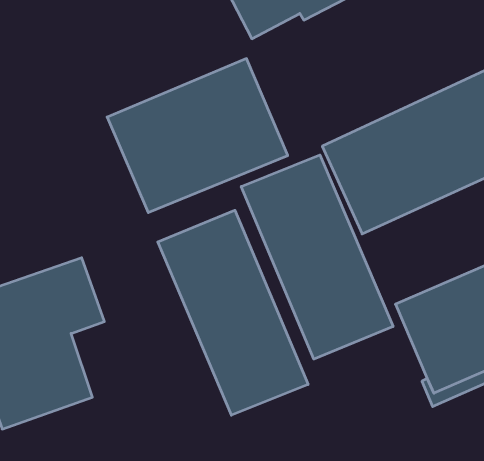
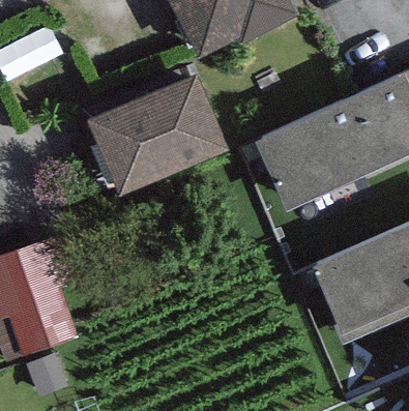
building: [241,155,393,359] -> none
building: [158,210,308,415] -> none

